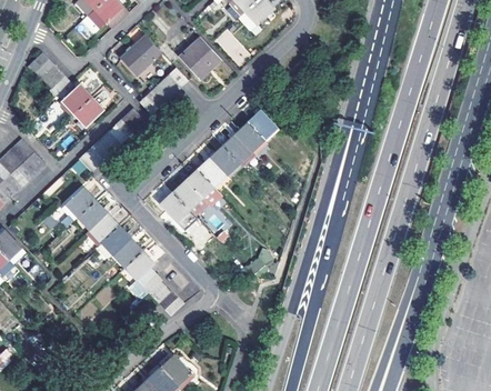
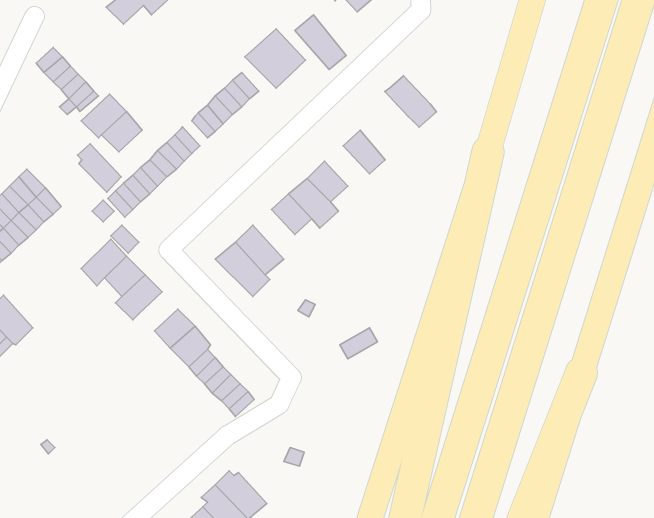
building: [120,37,160,76] -> none
building: none -> [77,144,121,192]
building: [234,121,271,158] -> [385,76,436,127]
building: [183,167,224,209] -> none
building: [98,225,130,258] -> none

